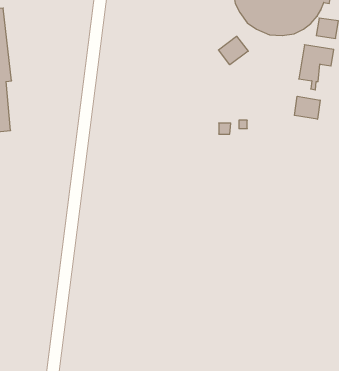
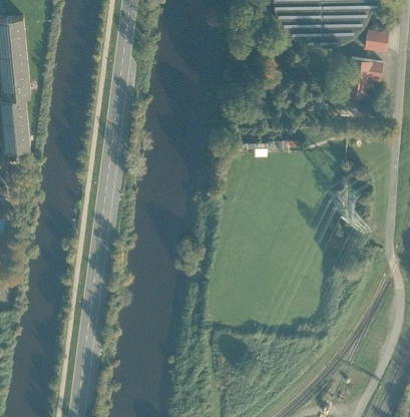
building: [218,36,248,65] -> none
building: [294,96,320,119] -> none

